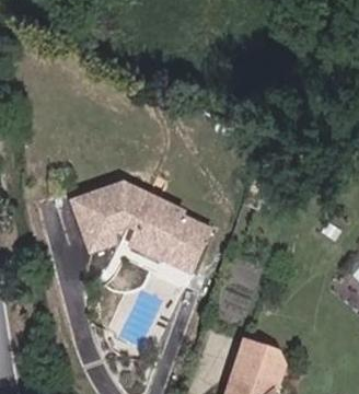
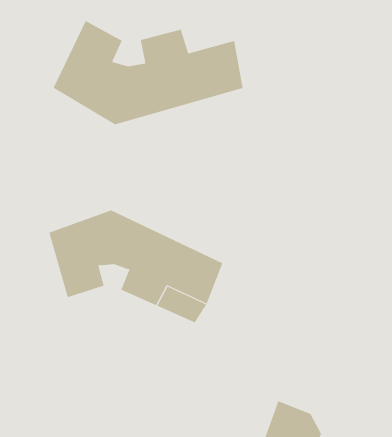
building: none -> [53,20,243,125]

